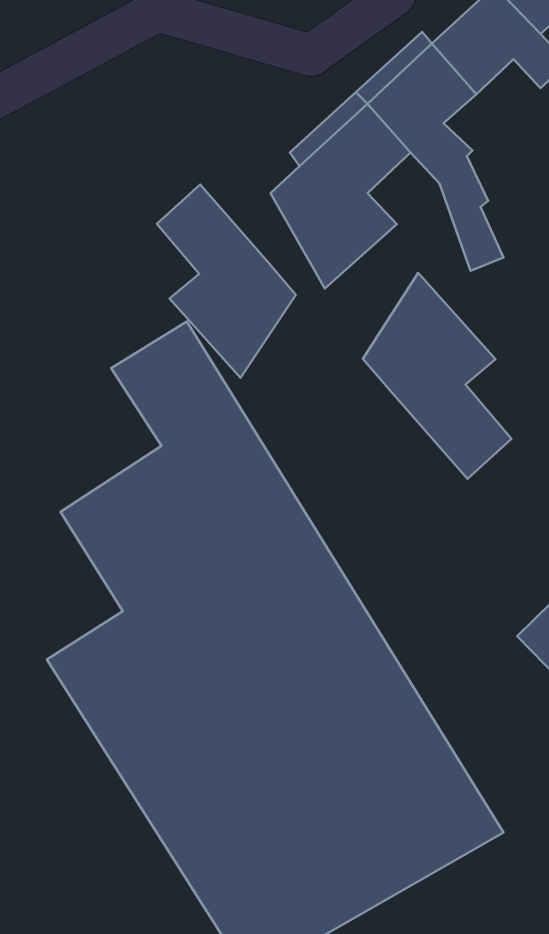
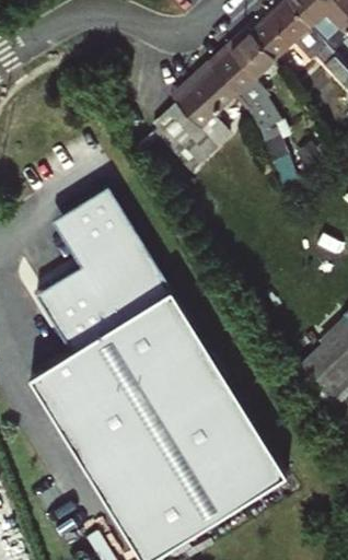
building: [157,185,296,378] -> none
building: [363,273,511,479] -> none

